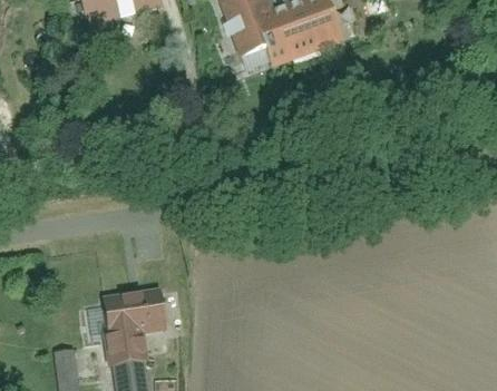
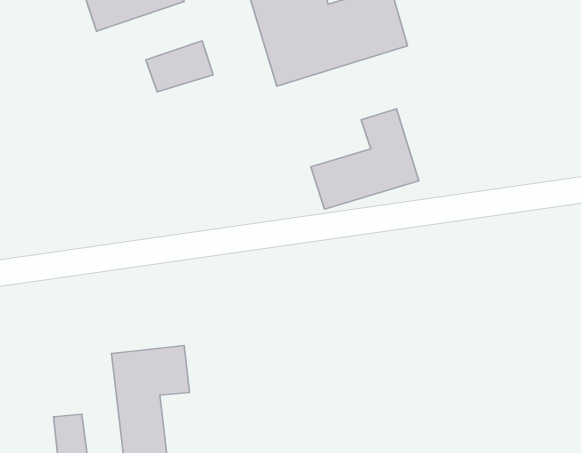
building: none -> [146,41,213,92]
building: none -> [311,109,419,209]

